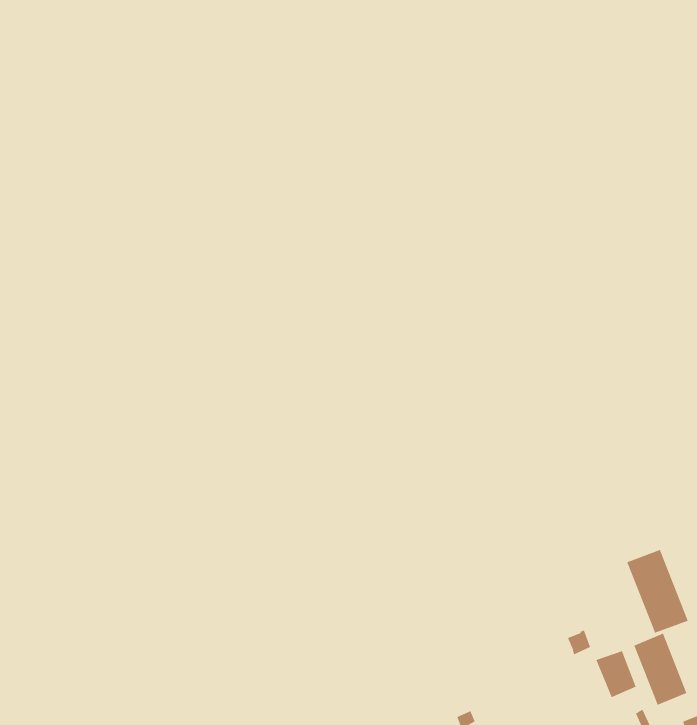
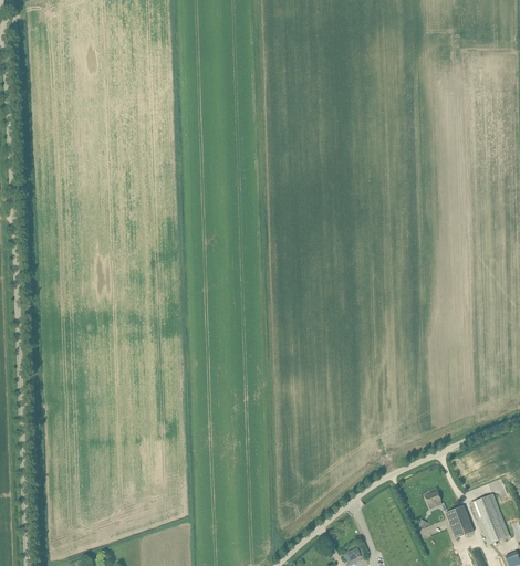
building: [626,549,688,634] -> none

